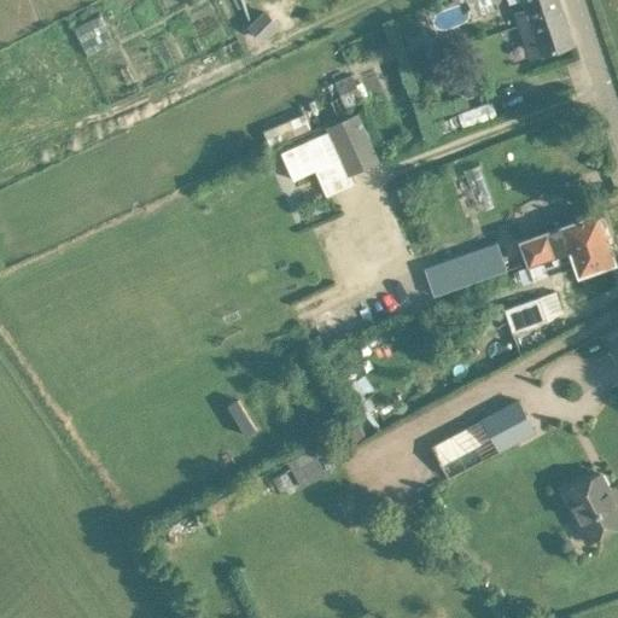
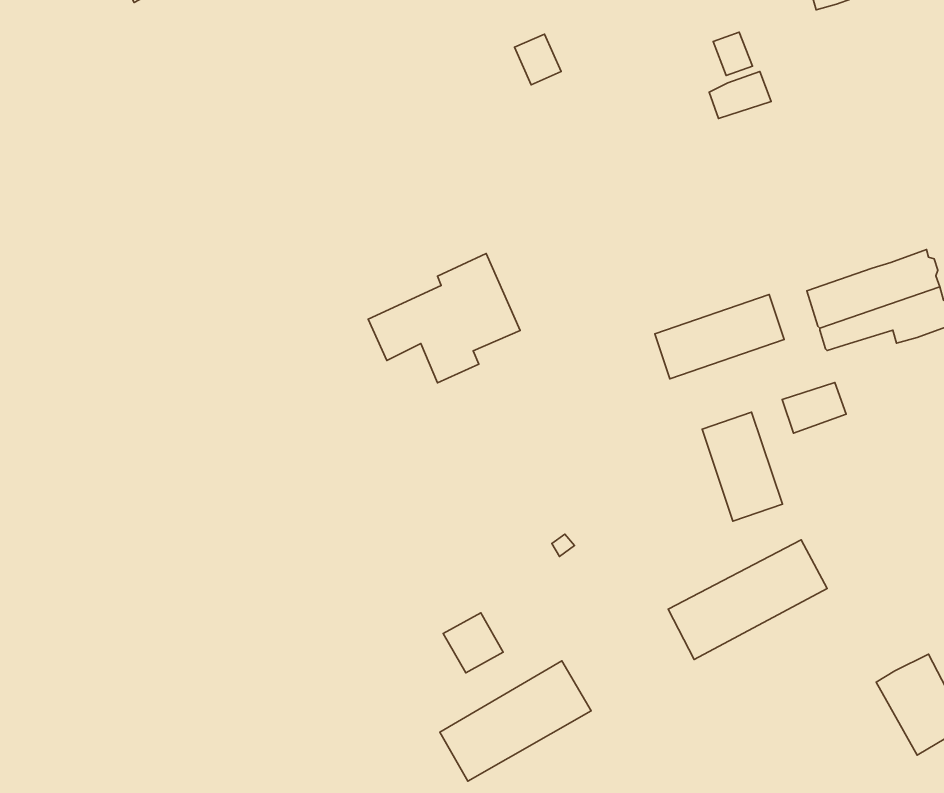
building: [281,112,379,196] -> [368,254,520,383]
building: none -> [702,412,782,521]
building: none -> [440,661,591,781]

